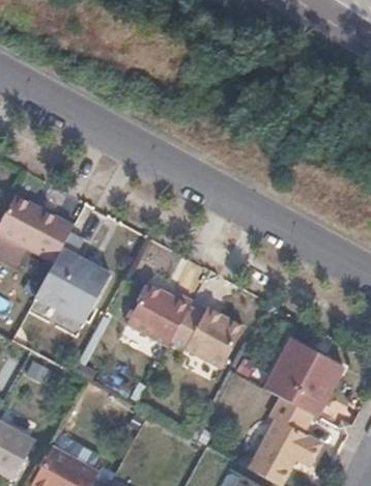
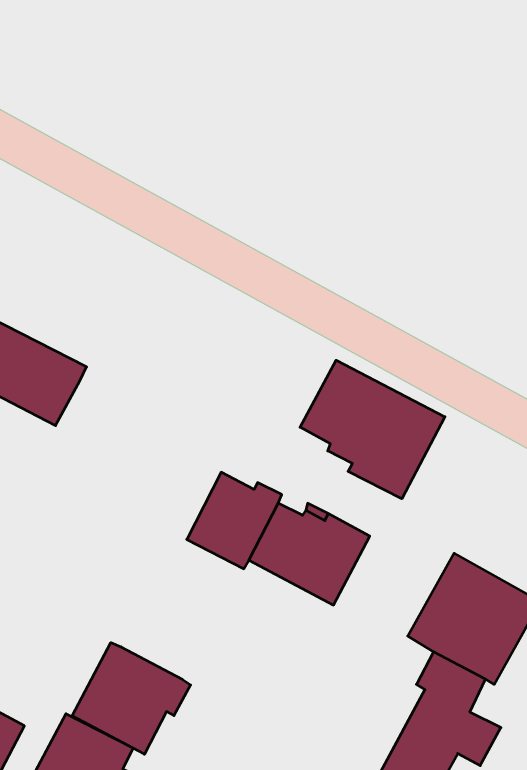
building: none -> [300,360,445,499]
building: [34,233,108,323] -> none
building: none -> [72,643,191,754]

